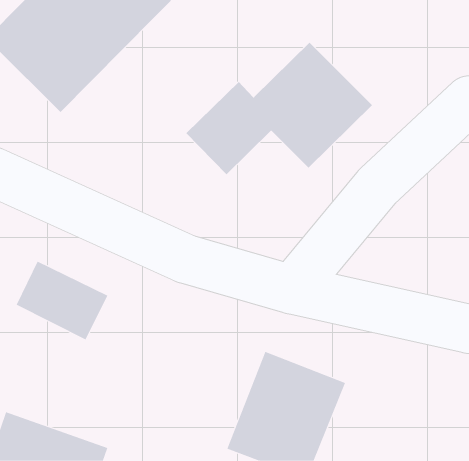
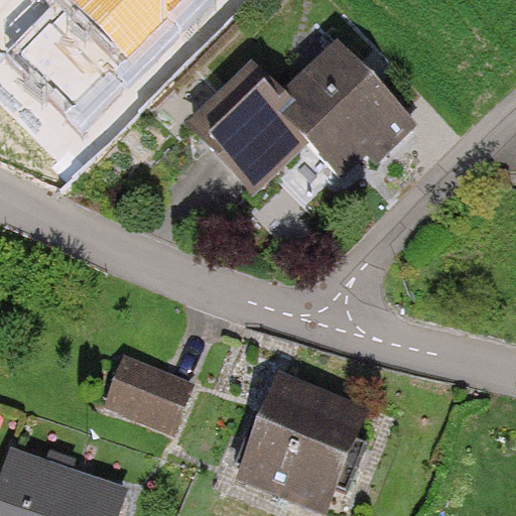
building: [16,261,108,340] -> [99,355,199,440]

